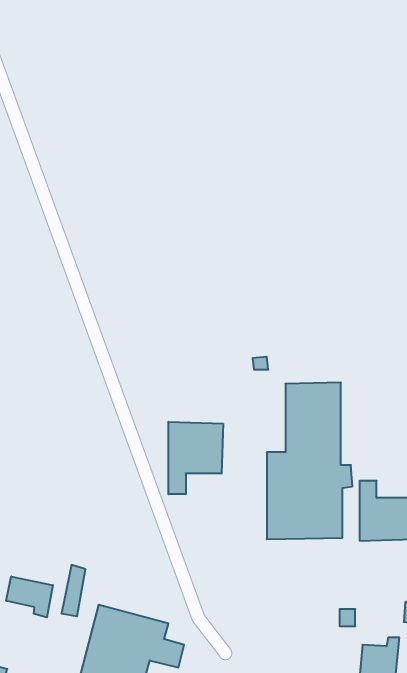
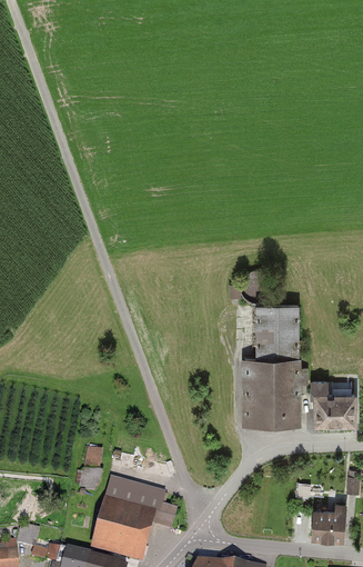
building: [168,422,223,494] -> none
building: [6,576,53,617] -> none

